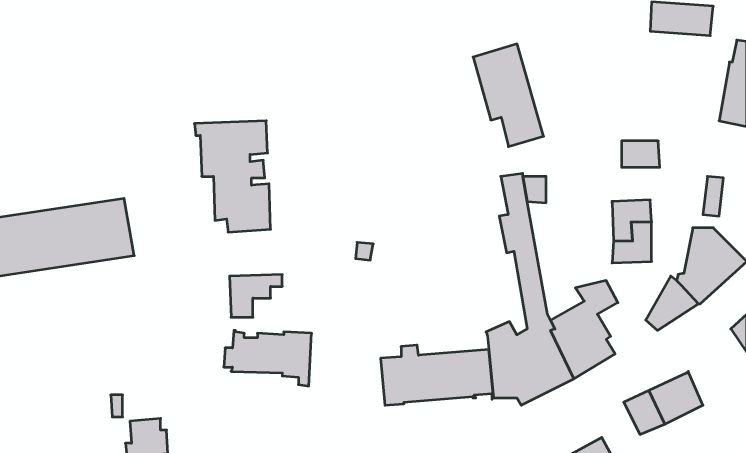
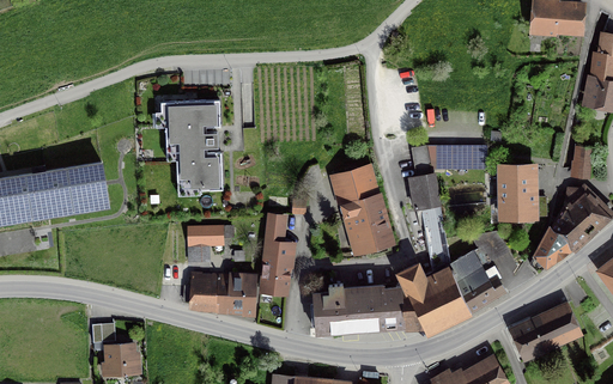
building: [473,44,544,147] -> [333,166,390,250]
building: [622,141,660,167] -> [454,146,485,167]
building: none -> [260,215,291,293]

